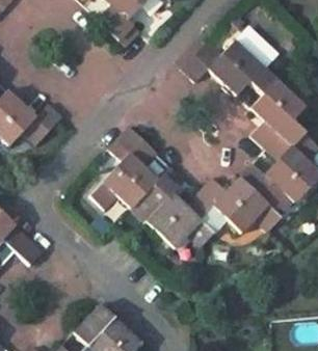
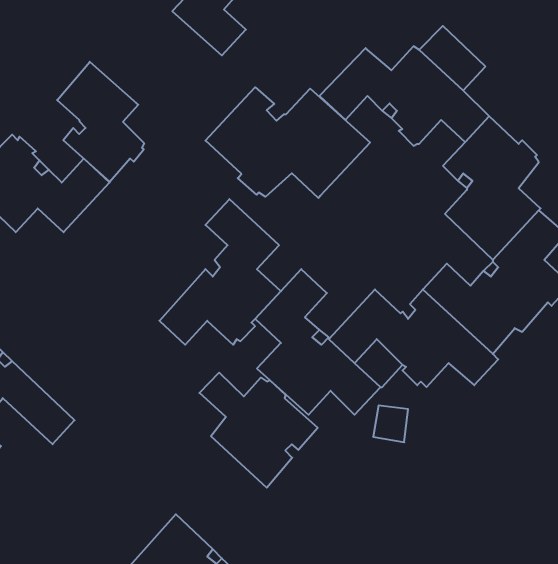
building: none -> [57,62,144,182]
building: none -> [205,87,370,198]
building: none -> [199,373,318,488]

